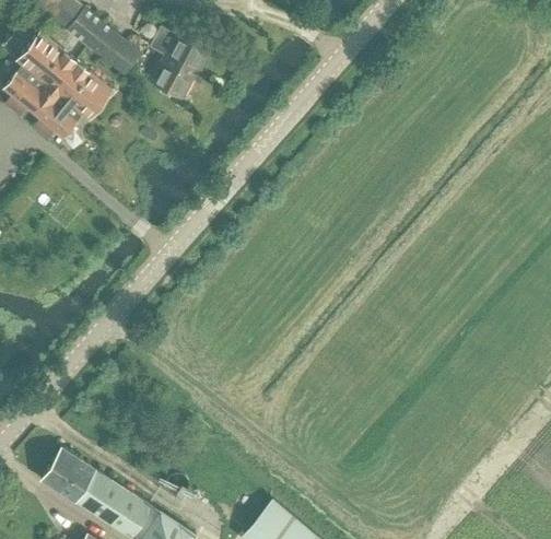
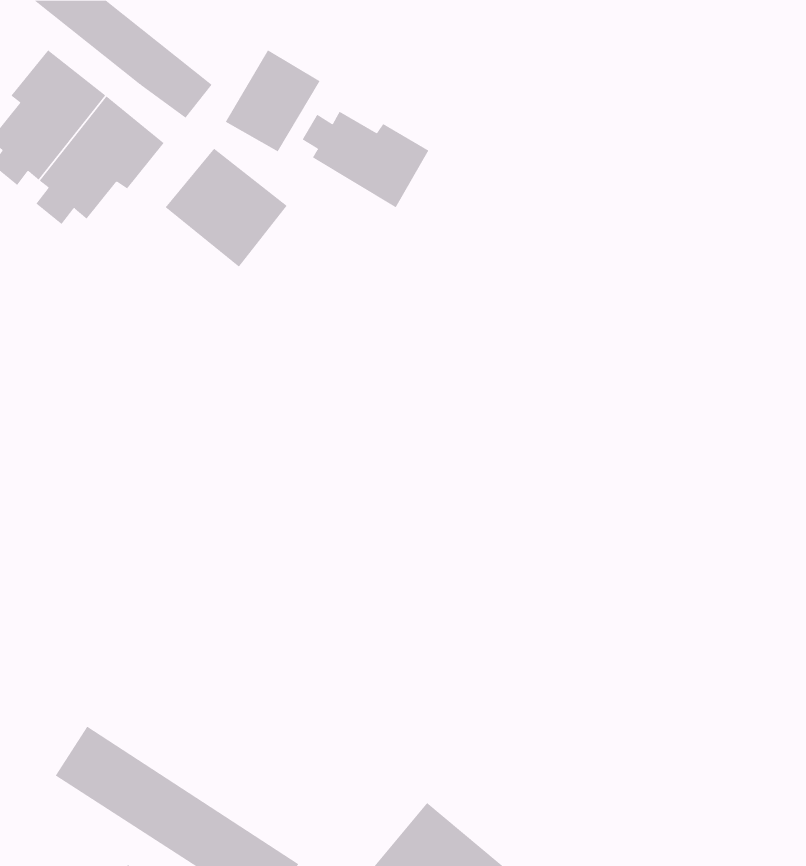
building: none -> [302,111,429,208]
building: none -> [165,148,288,267]

